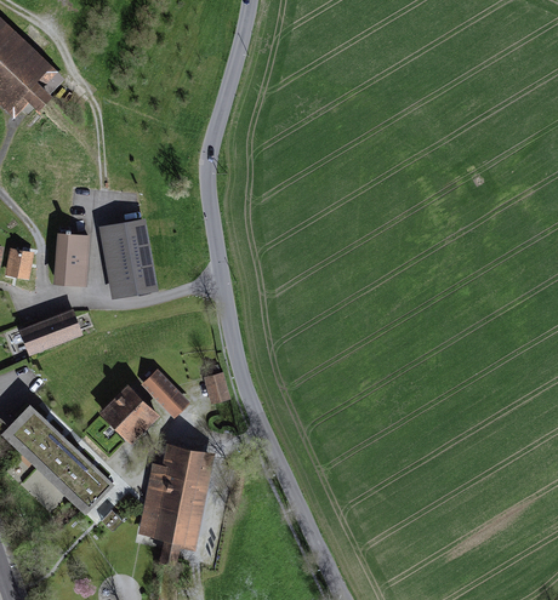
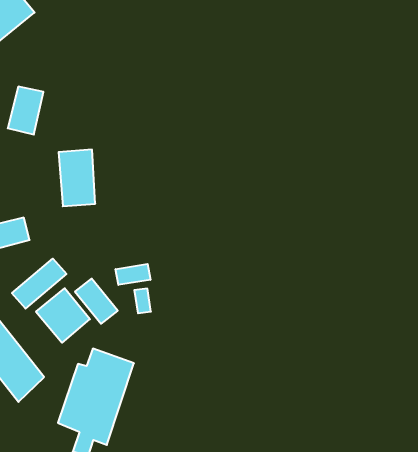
building: [52,235,87,287] -> [8,87,43,135]
building: none -> [116,264,150,285]
building: none -> [12,259,66,309]

